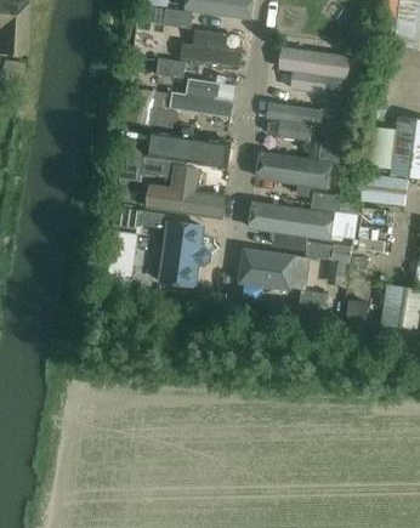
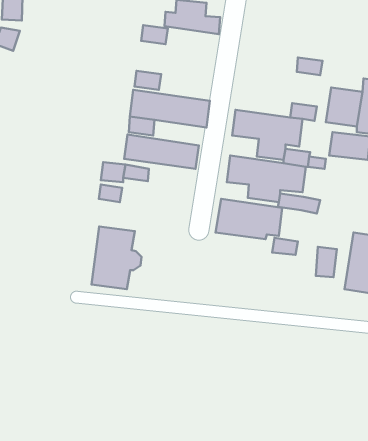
building: [278,47,350,93] -> none
building: [149,78,231,115] -> none
building: [265,102,322,142] -> none
building: [157,220,211,288] -> [91,227,141,289]

